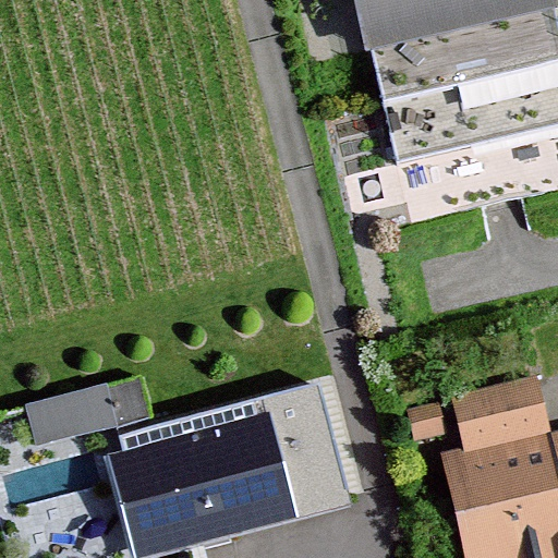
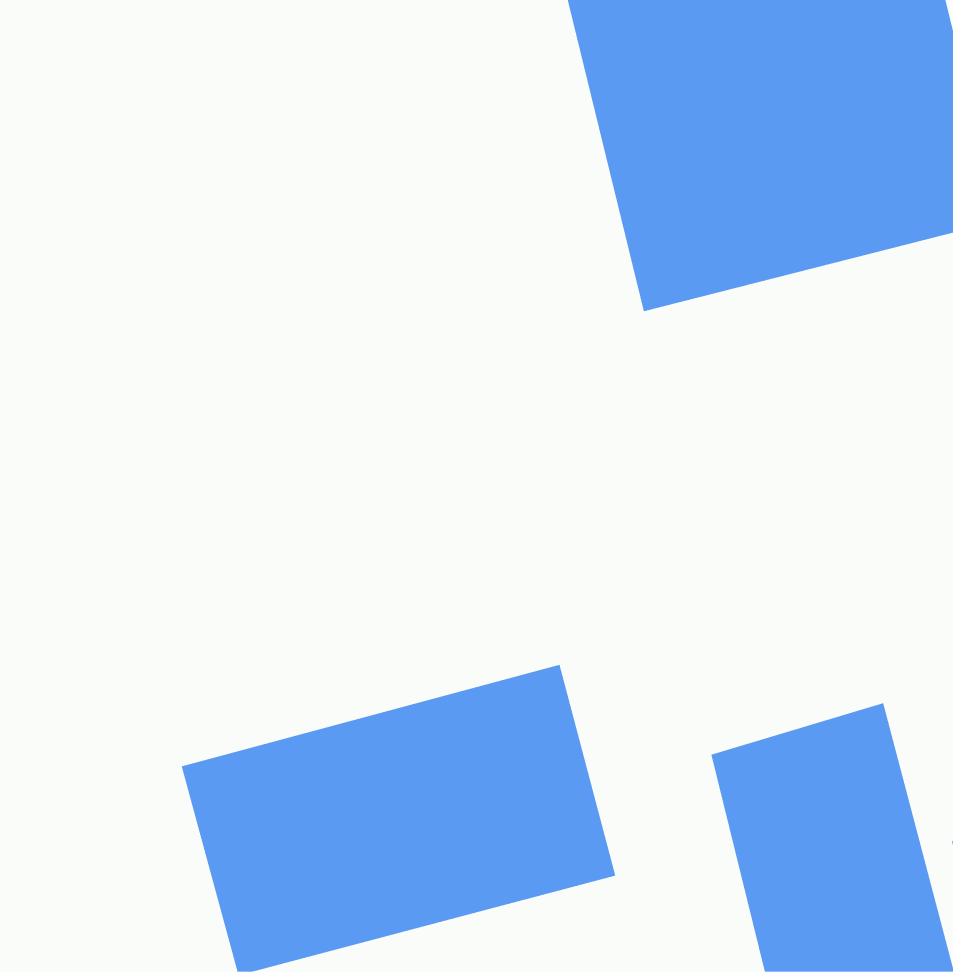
building: [39,380,135,442] -> none

